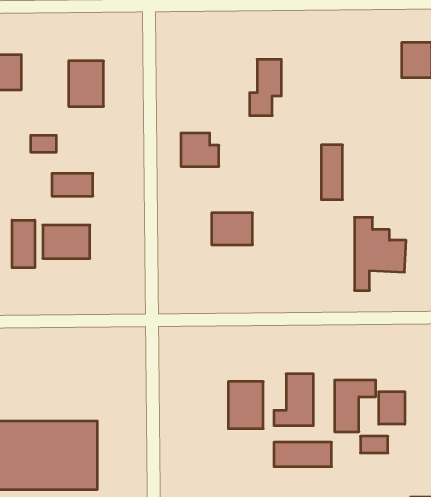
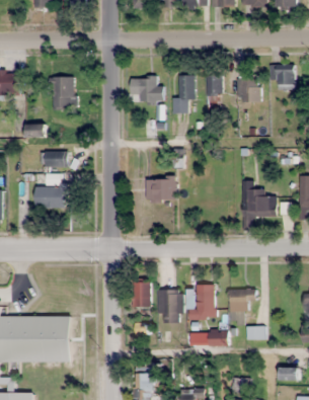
building: none -> [237,76,260,102]
building: [181,133,219,166] -> [137,78,162,100]
building: [321,145,343,200] -> [207,76,221,112]
building: [12,220,35,268] -> none
building: none -> [133,283,150,308]
building: [379,392,405,424] -> none

